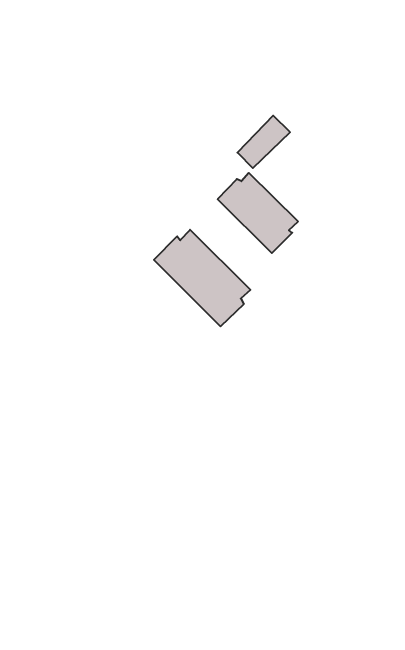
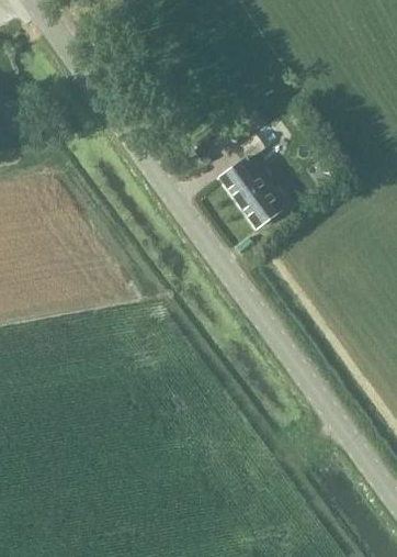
building: [154,230,250,326] -> none

